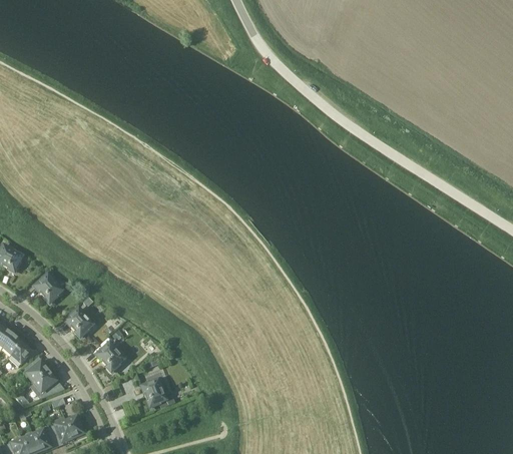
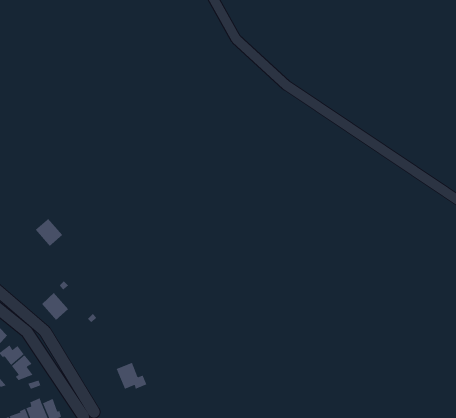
building: [35,274,64,303] -> [35,218,63,247]
building: [97,343,125,371] -> none

